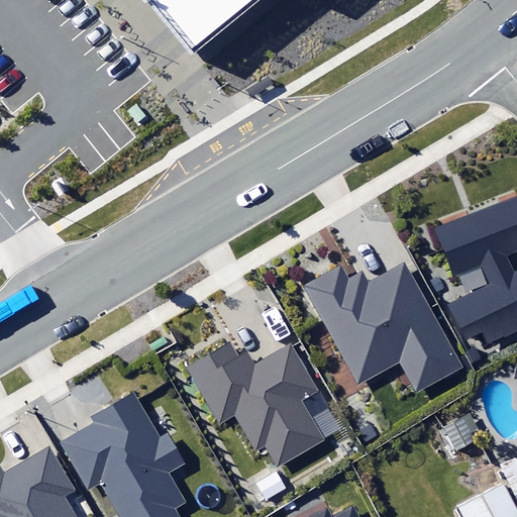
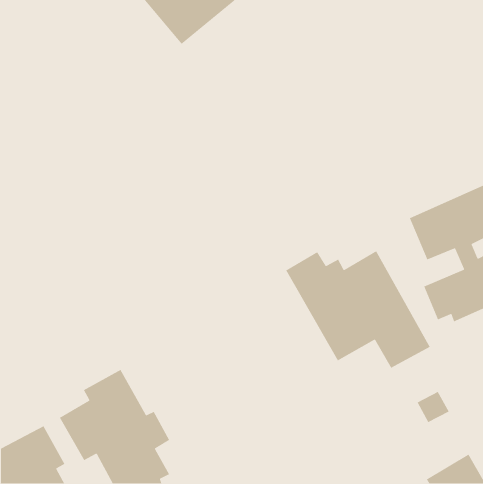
building: [191,344,323,467] -> none

